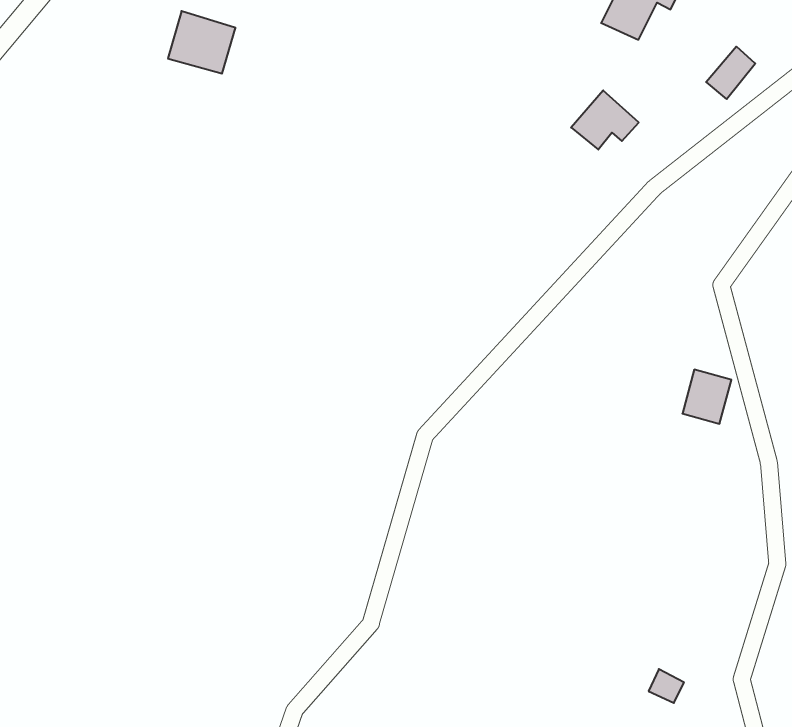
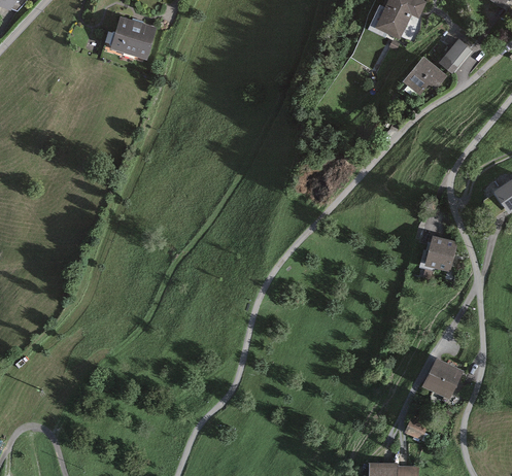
building: [571,90,639,150] -> [403,57,444,93]
building: none -> [422,359,460,397]

